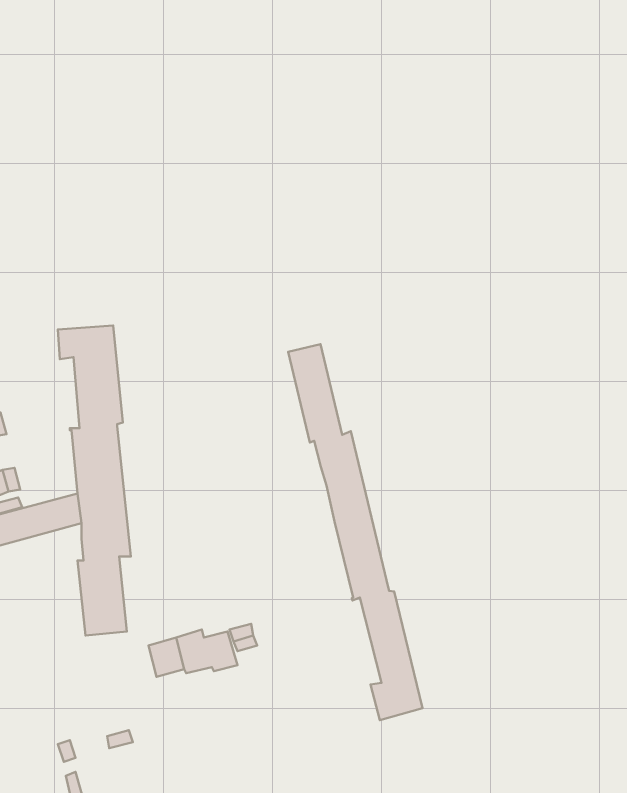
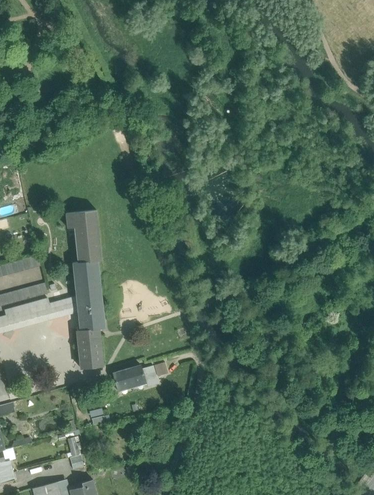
building: [288,344,422,720] -> none

